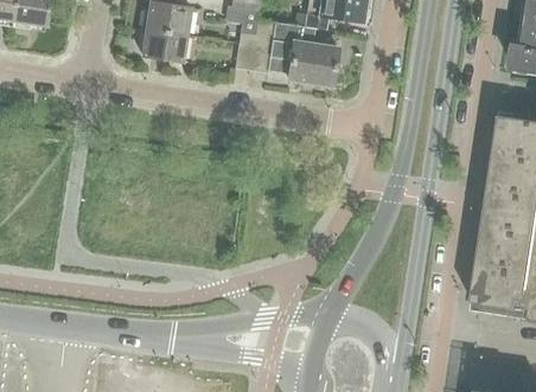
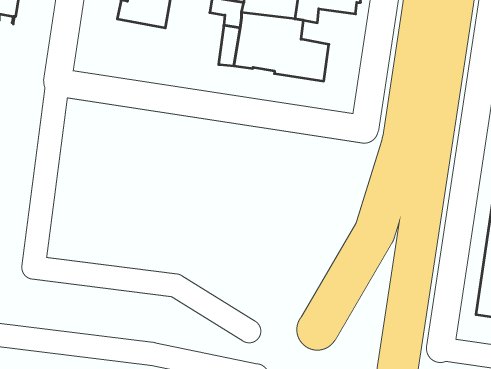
building: [138,25,185,62] -> none

